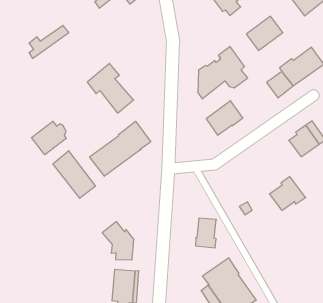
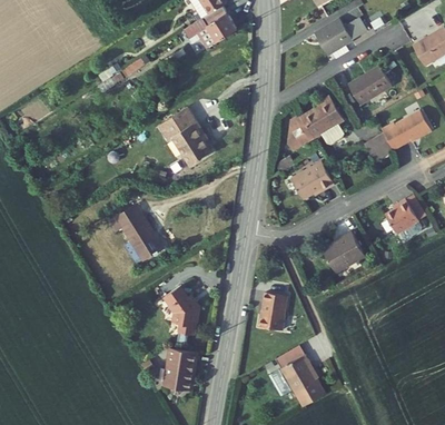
building: [90,121,151,176] -> none
building: [32,121,66,155] -> none
building: [269,177,306,210] -> [325,231,366,269]

